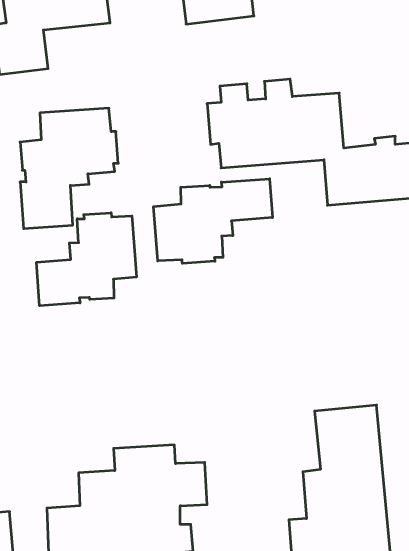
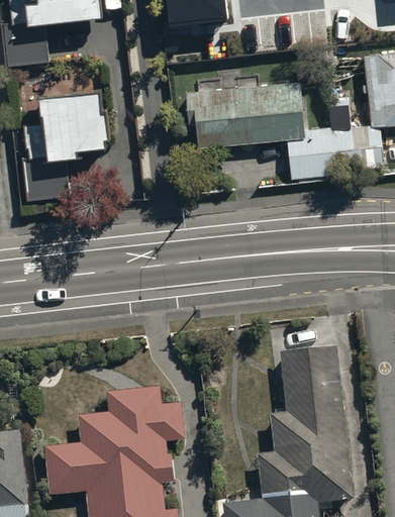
building: [154,179,272,263] -> none
building: [37,213,136,306] -> none

